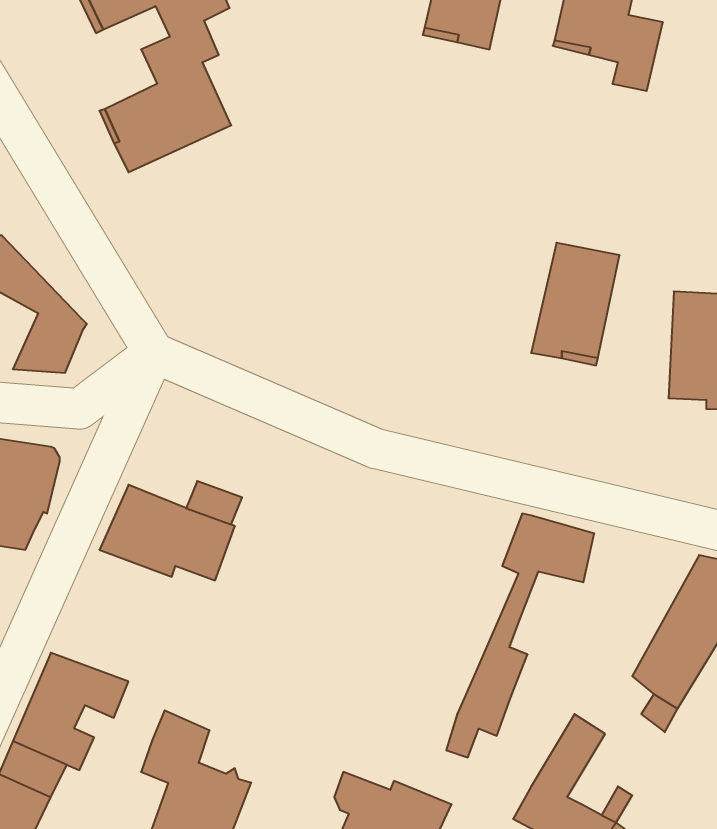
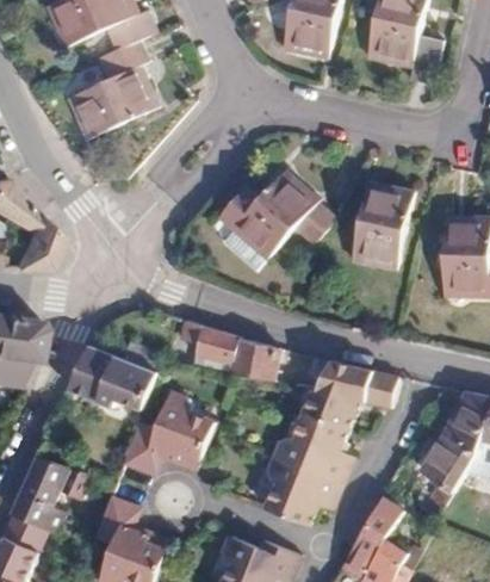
building: none -> [217,171,335,271]
building: none -> [155,314,278,382]
building: none -> [267,361,347,520]
building: none -> [124,390,215,473]

